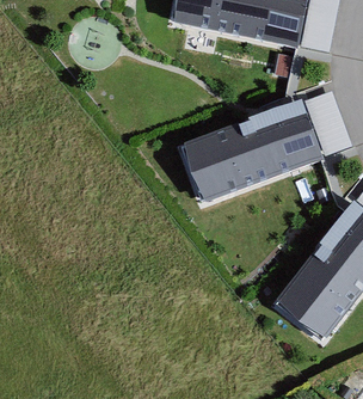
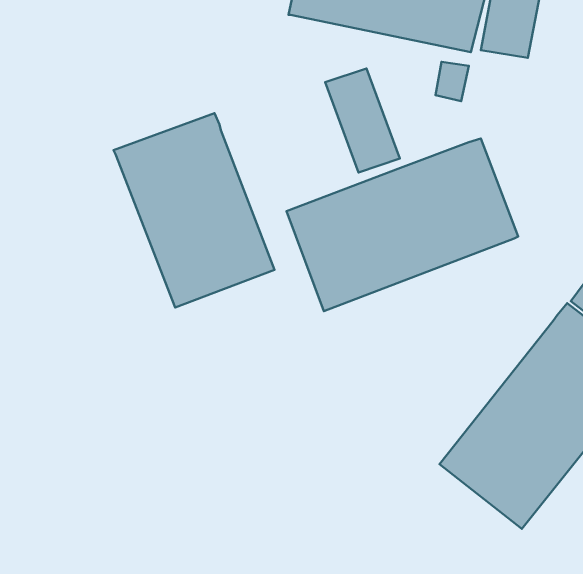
building: none -> [113,113,275,308]
building: [303,92,349,155] -> [325,68,400,172]

